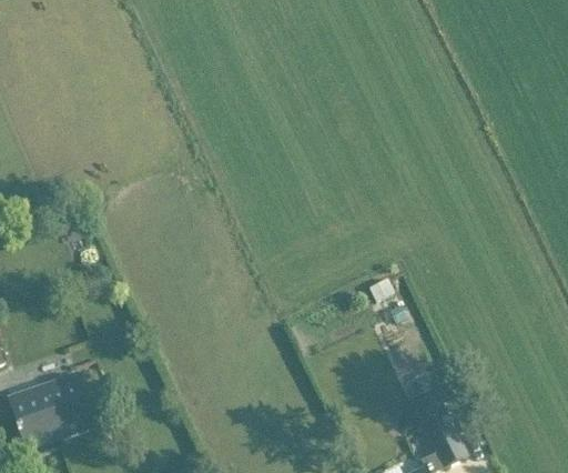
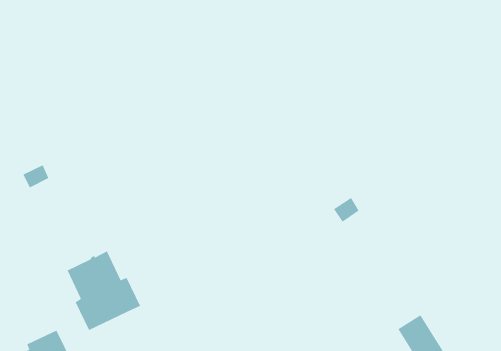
building: none -> [67,250,141,331]

